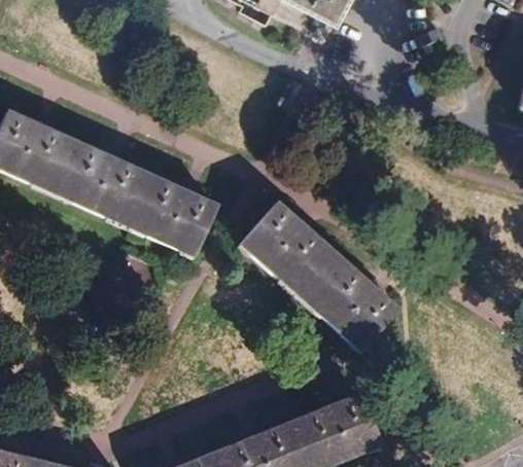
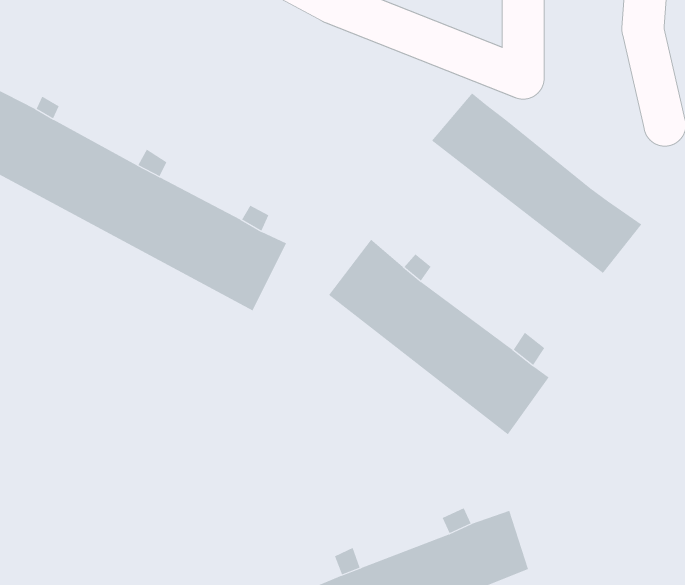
building: none -> [431,92,642,274]

